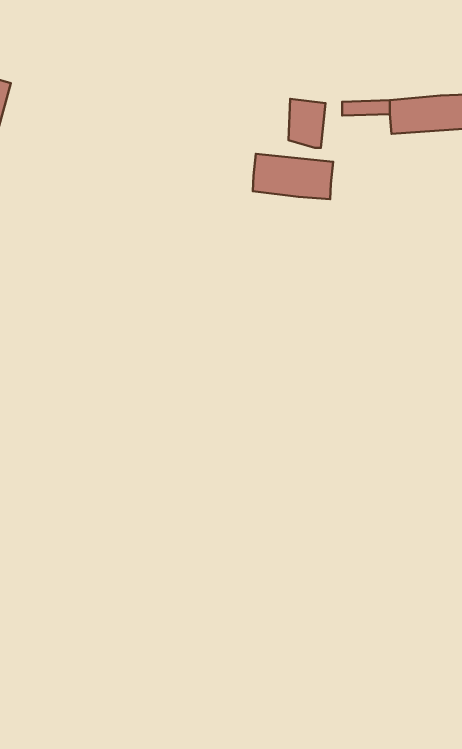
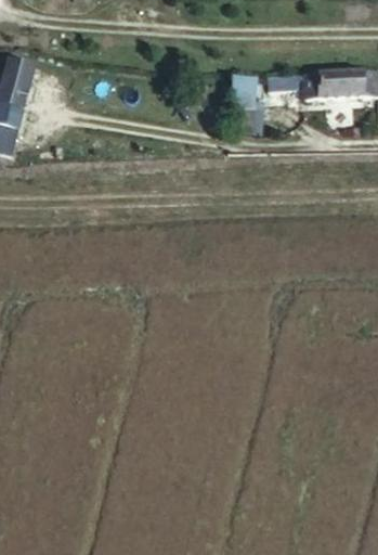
building: [253,154,333,199] -> none

